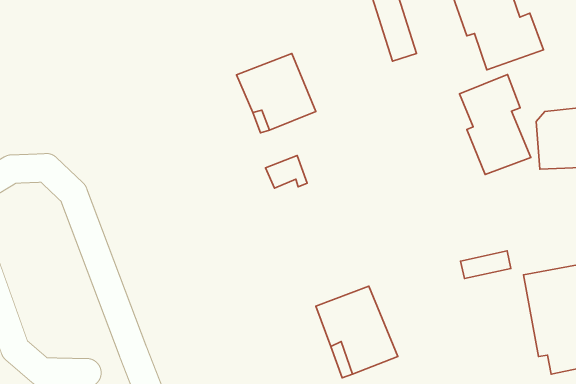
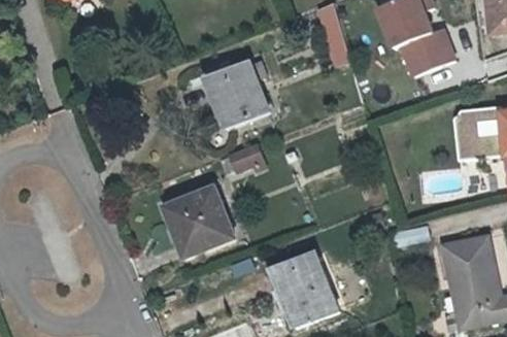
building: [460,75,531,175] -> none
building: none -> [165,189,233,258]

